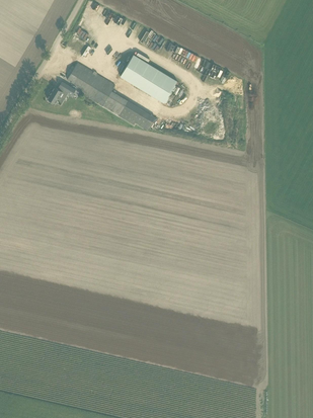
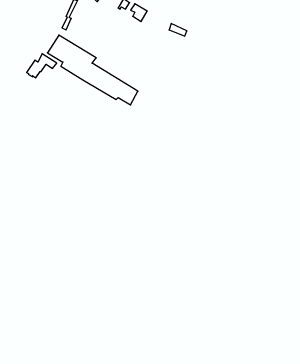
building: [120,55,176,102] -> none

